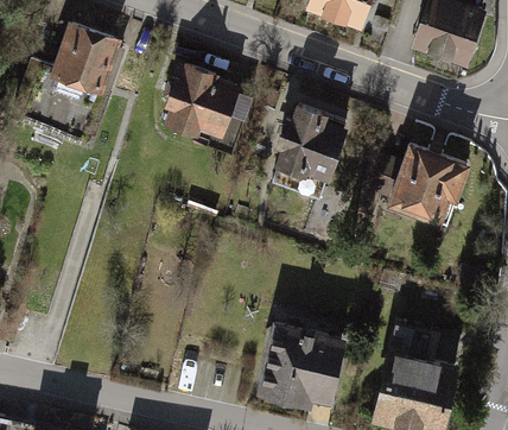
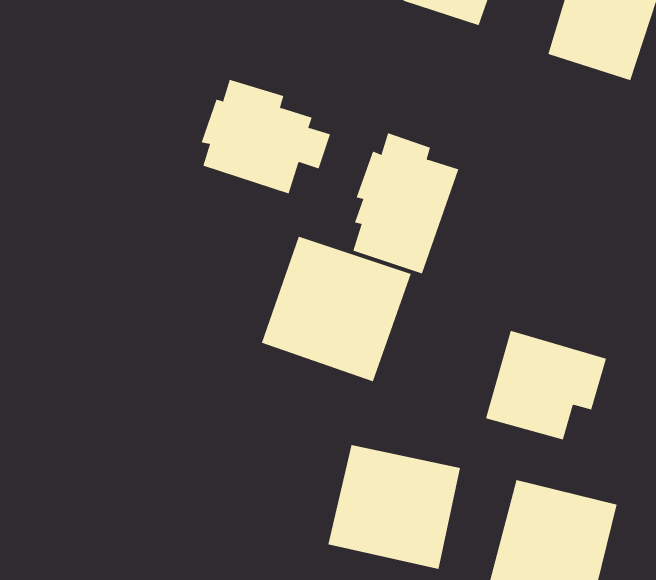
building: [50,20,123,94] -> none
building: [389,145,476,223] -> [485,330,607,440]
building: none -> [261,236,412,382]

